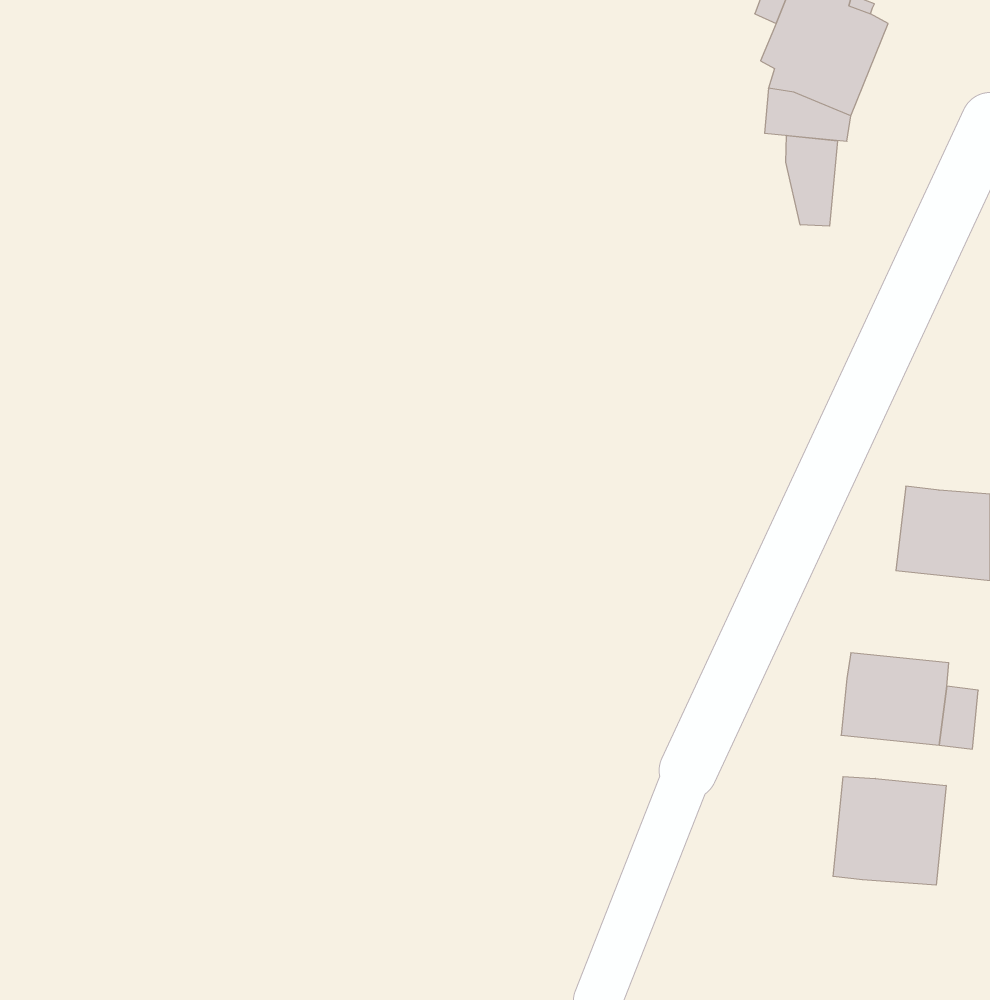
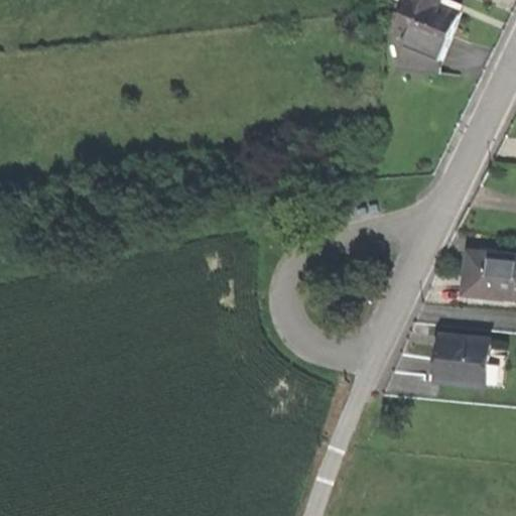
building: [786,135,837,226] -> none
building: [833,777,946,885] -> none

